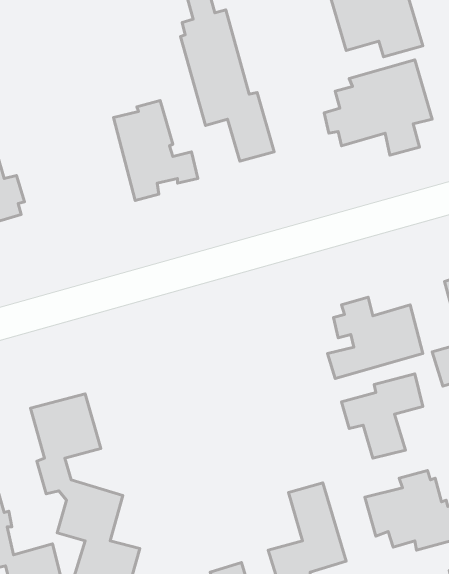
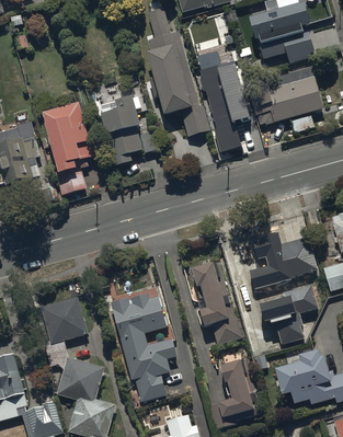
building: none -> [195,50,249,152]
building: none -> [39,101,93,193]
building: none -> [191,263,236,346]
building: none -> [111,296,176,403]

